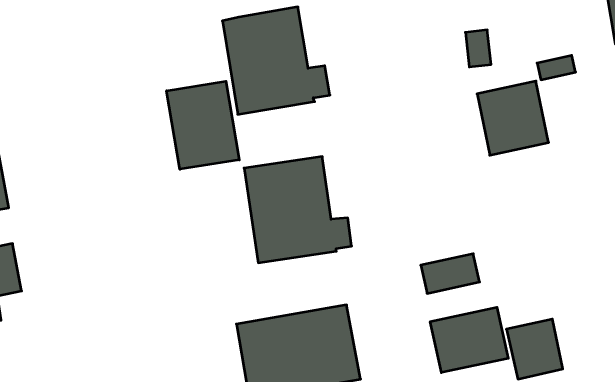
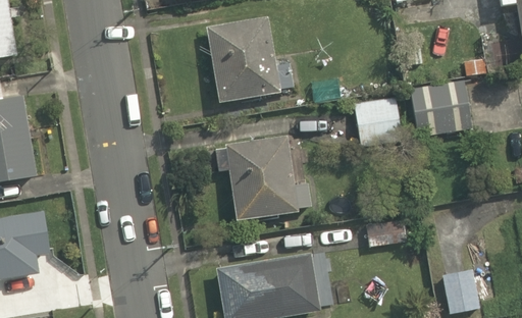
building: [167,81,239,169] -> none
building: none -> [353,98,403,148]
building: [430,307,508,373] -> none

